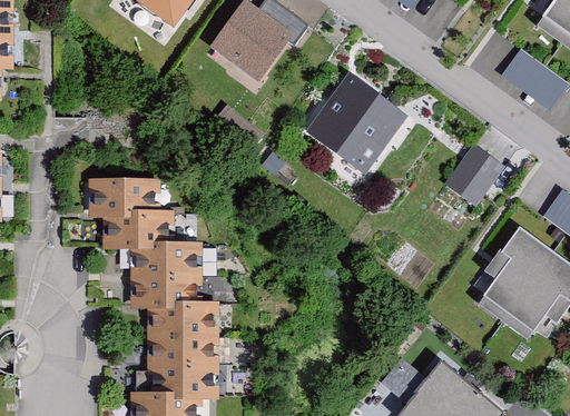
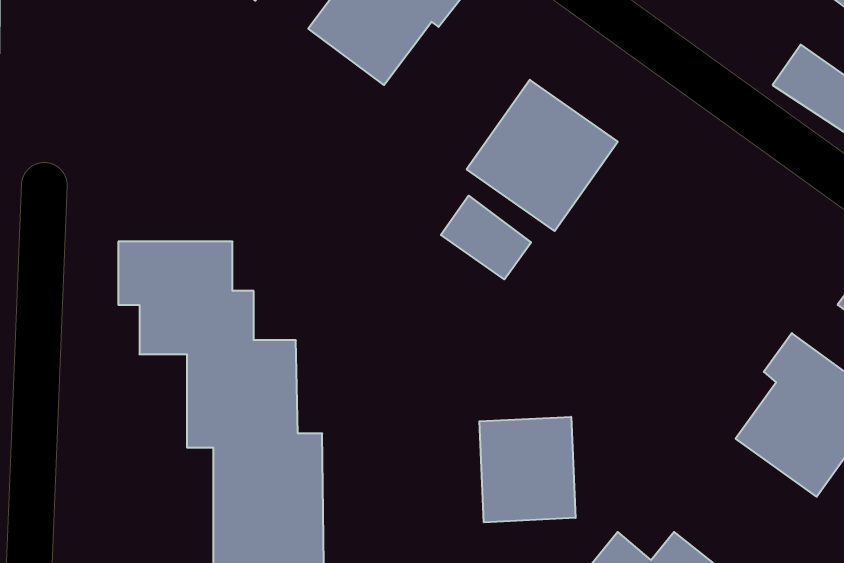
building: [445,147,503,208] -> none
building: none -> [441,196,531,279]
building: none -> [479,417,576,522]

